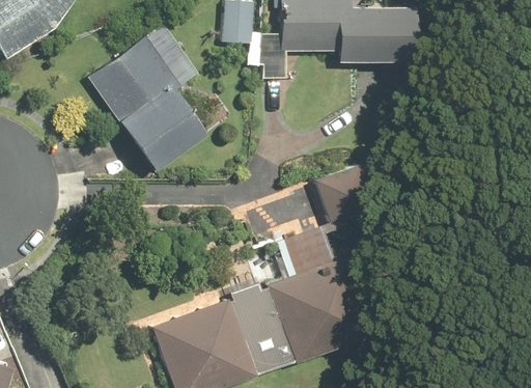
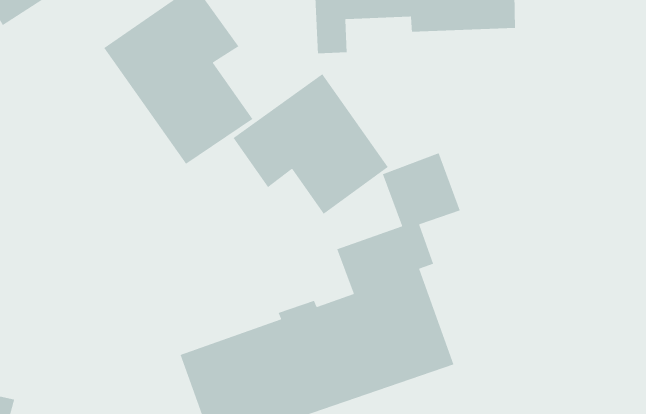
building: none -> [233,73,389,215]

